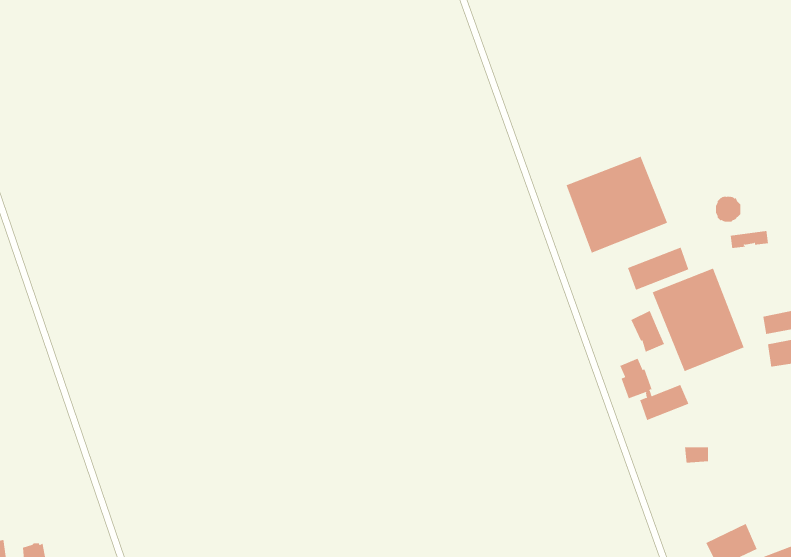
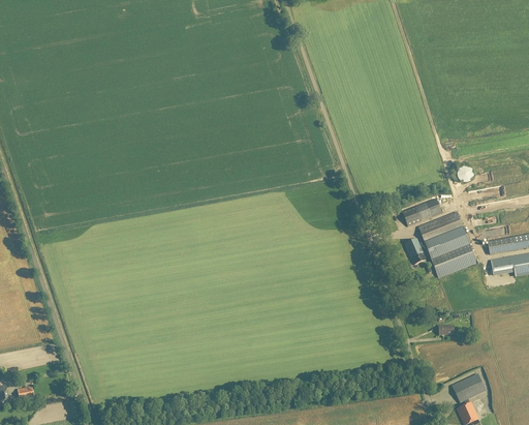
building: [566,156,668,253] -> none
building: [620,358,689,421] -> none

